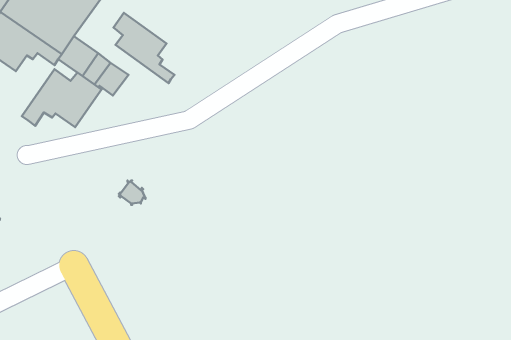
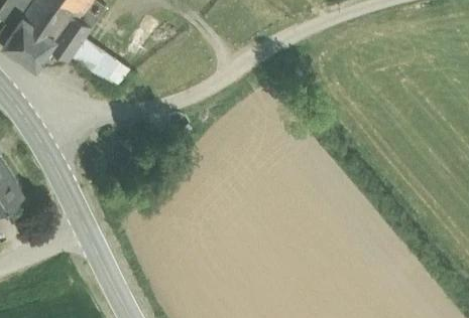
building: [113,13,174,83] -> none
building: [22,69,102,127] -> none

